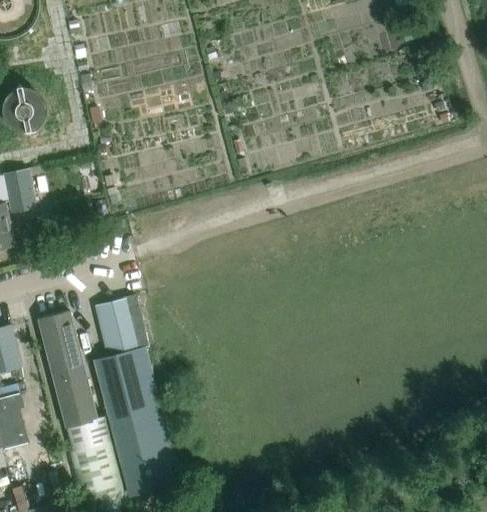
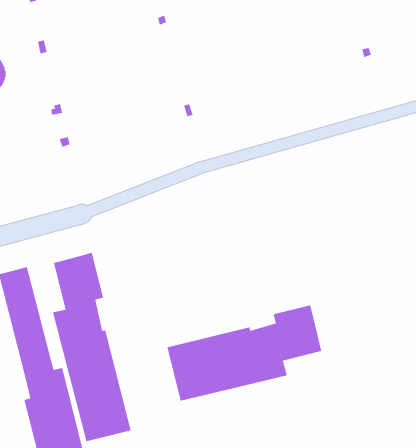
building: none -> [167,304,322,402]

